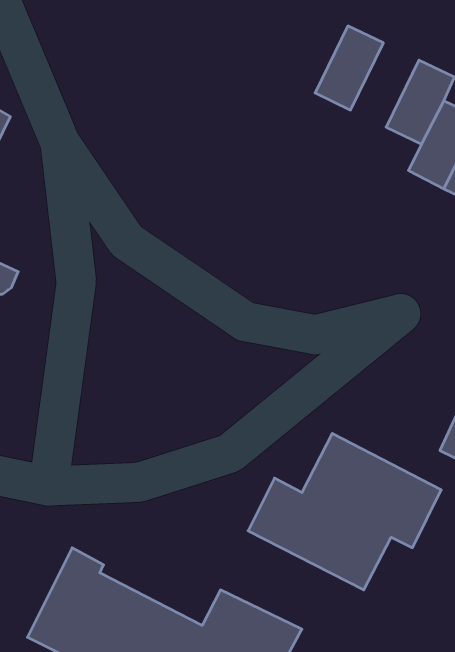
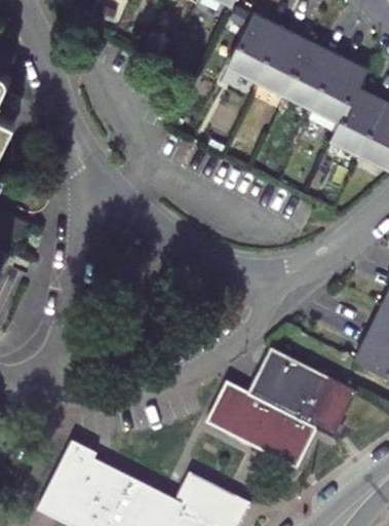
building: none -> [228,15,283,82]
building: none -> [285,43,339,109]

